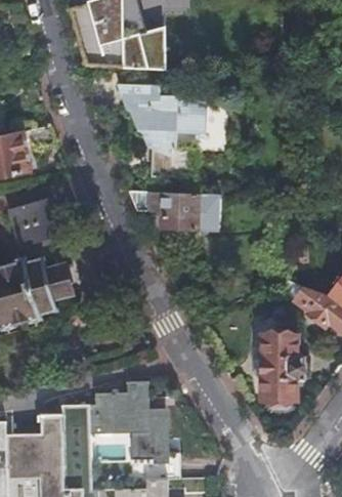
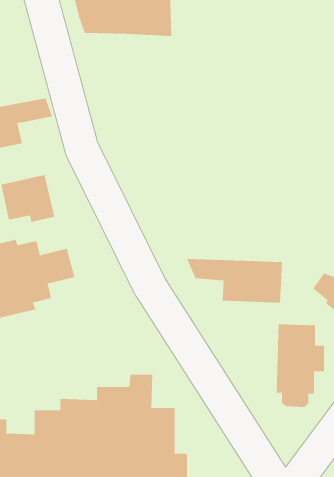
building: [115,84,204,178] -> none
building: [128,191,217,232] -> [186,258,283,303]

